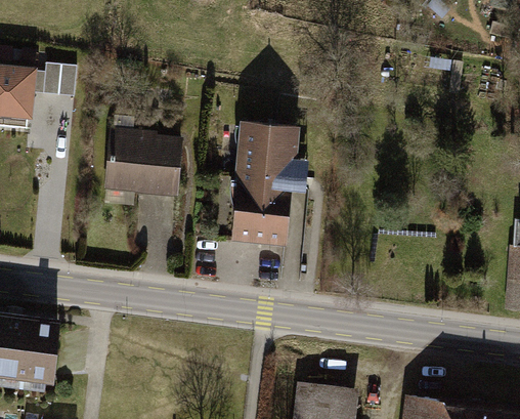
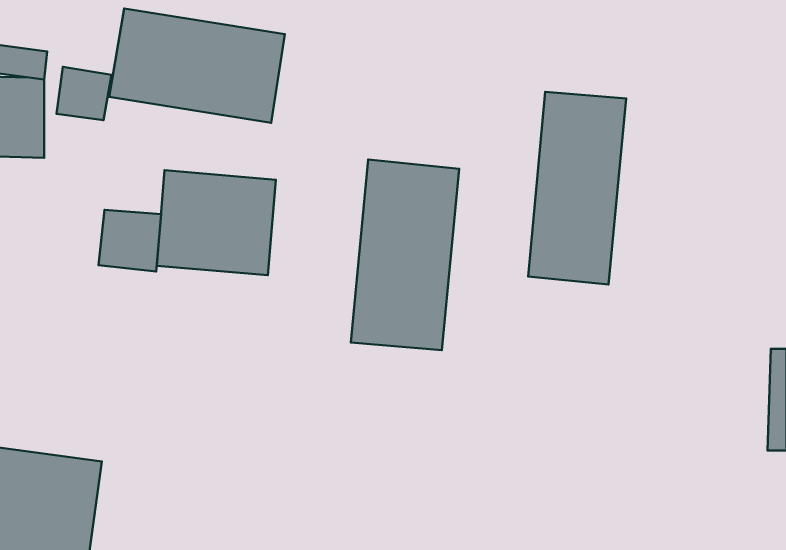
building: none -> [109,8,285,123]
building: none -> [528,92,626,285]
building: none -> [98,210,161,271]

